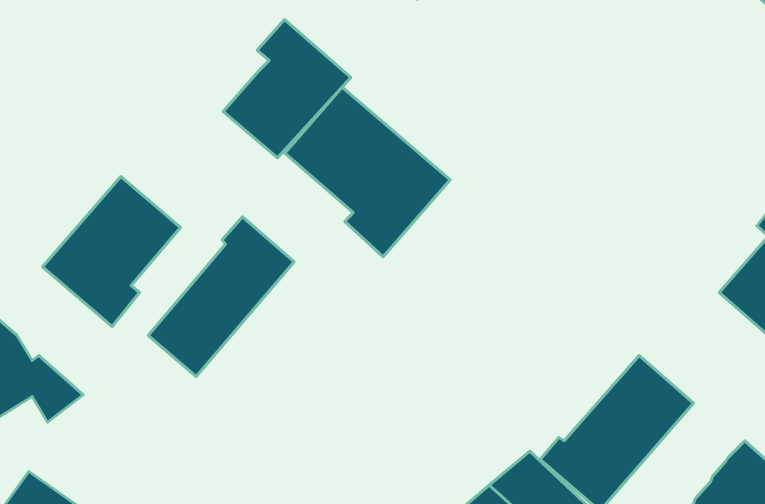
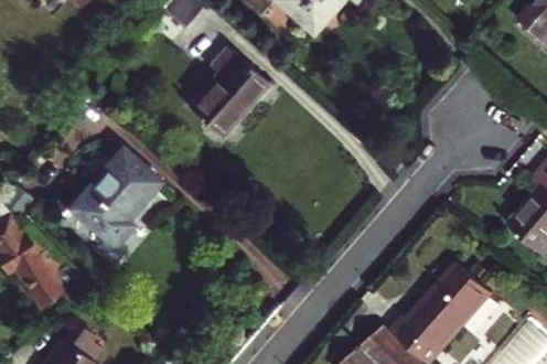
building: [285,87,450,257] -> none
building: [148,217,294,377] -> none

